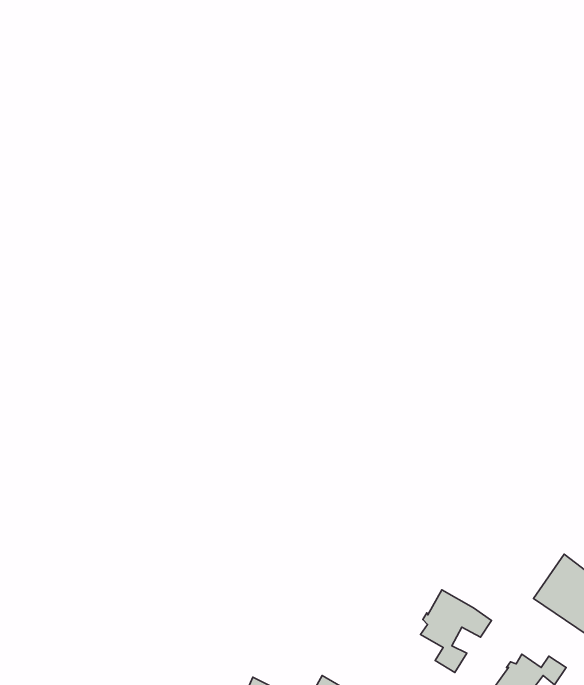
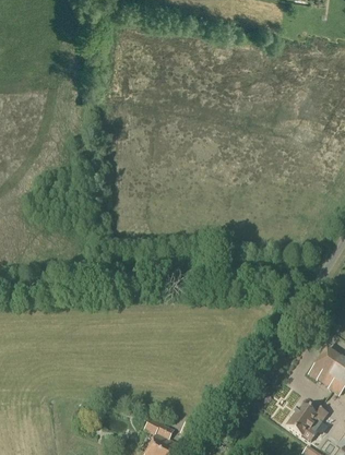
building: [421,590,491,673] -> none

